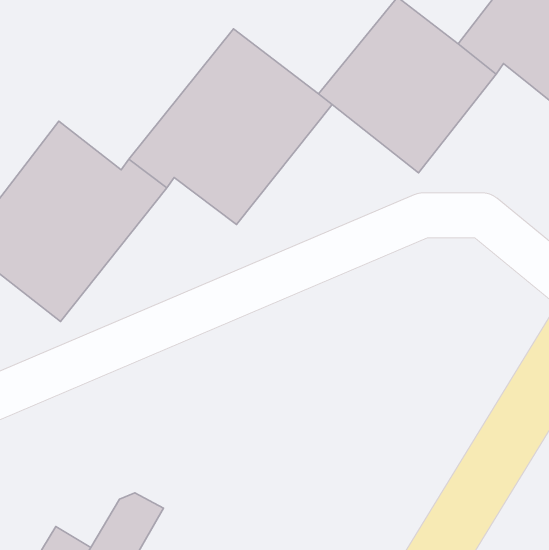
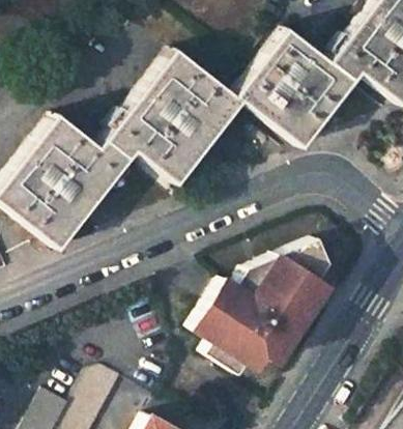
building: none -> [188,241,321,376]

